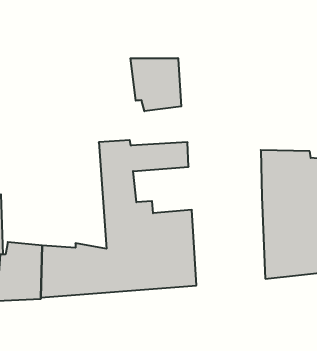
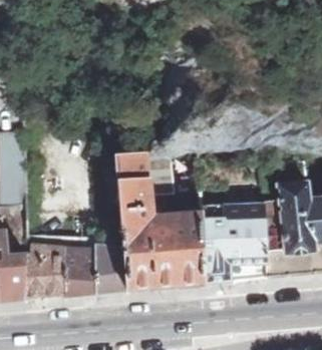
building: [130,58,181,111] -> none
building: none -> [201,203,268,283]

